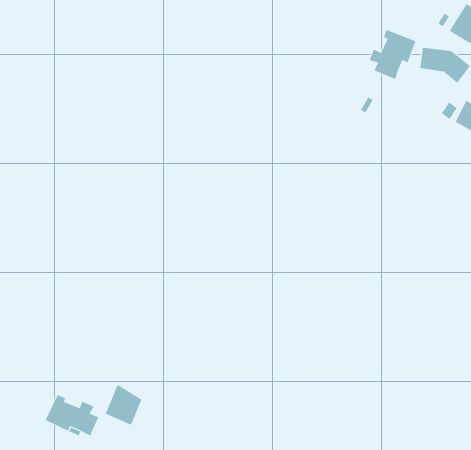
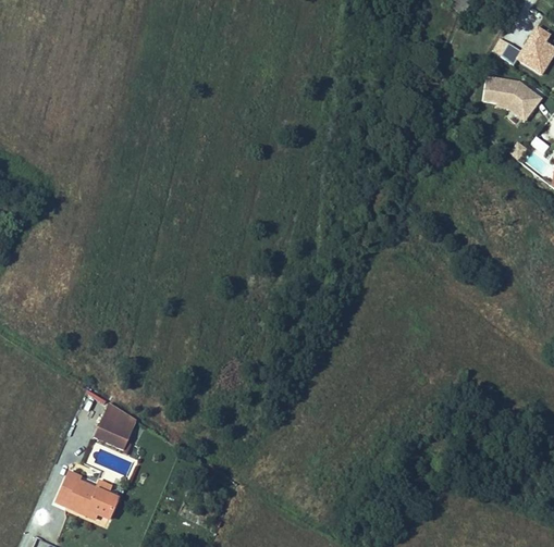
building: [369,29,416,80] -> none
building: [105,384,142,425] -> [94,403,136,450]

